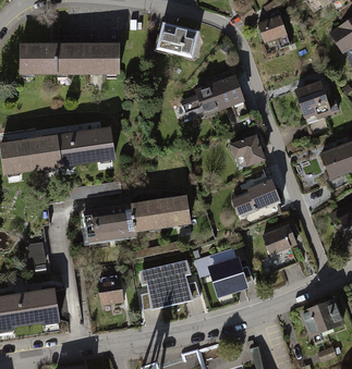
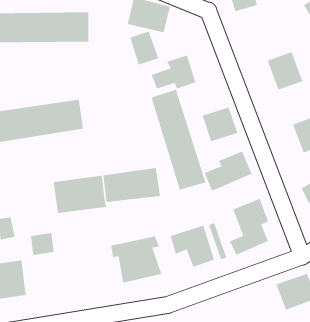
building: [216,75,245,109] -> [129,31,159,65]
building: none -> [151,89,206,191]
building: [98,279,122,302] -> [30,232,54,256]

